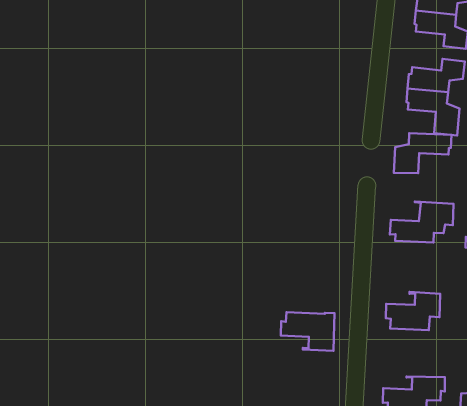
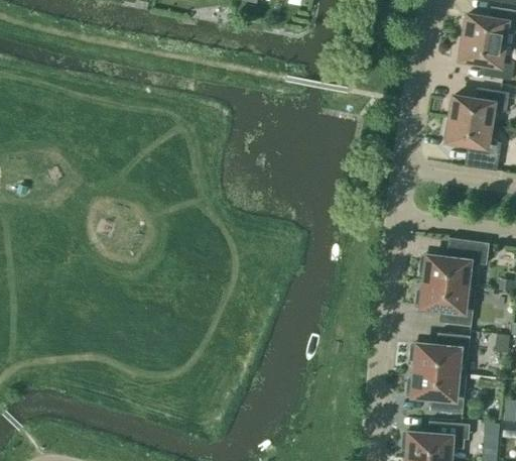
building: [394,133,451,173] -> none
building: none -> [416,278,474,326]
building: [281,312,334,351] -> [408,370,466,414]

